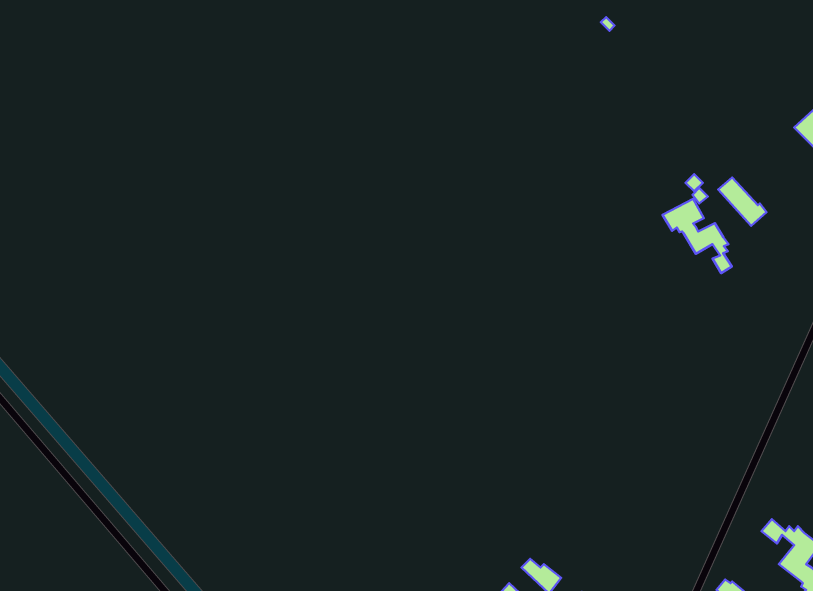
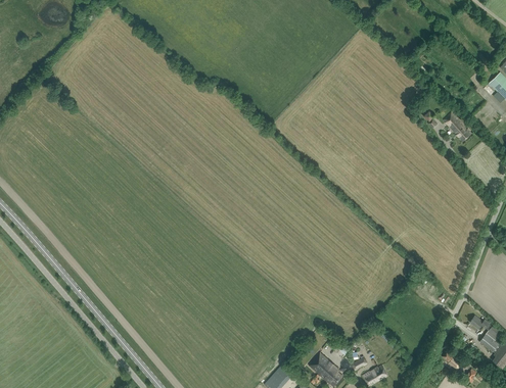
building: [663,199,732,273] -> none

